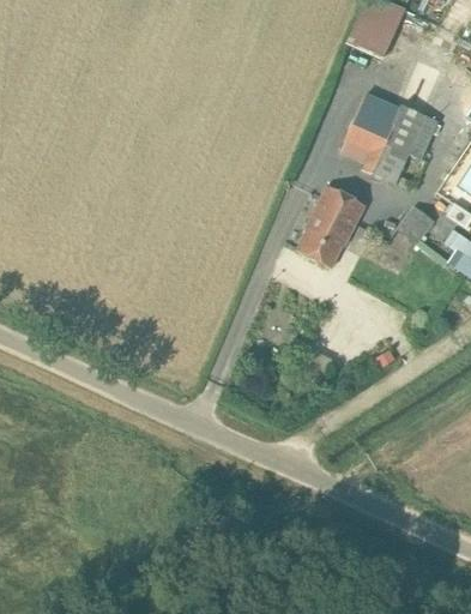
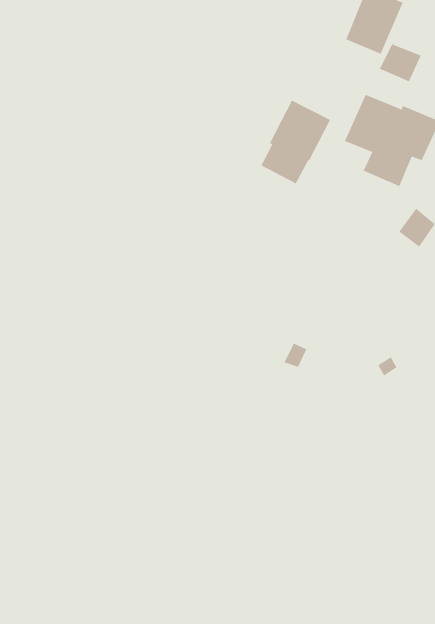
building: none -> [379,43,421,82]
building: [298,186,367,267] -> [260,100,331,184]

